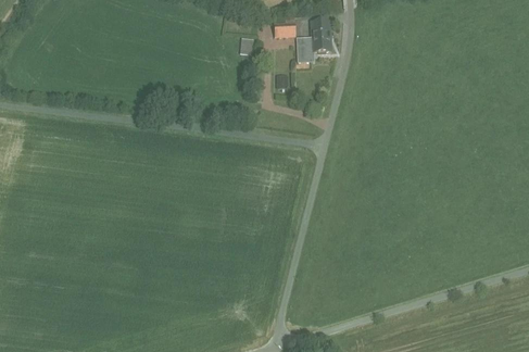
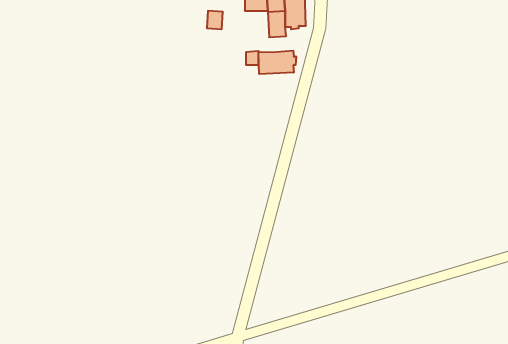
building: none -> [259,51,296,74]

